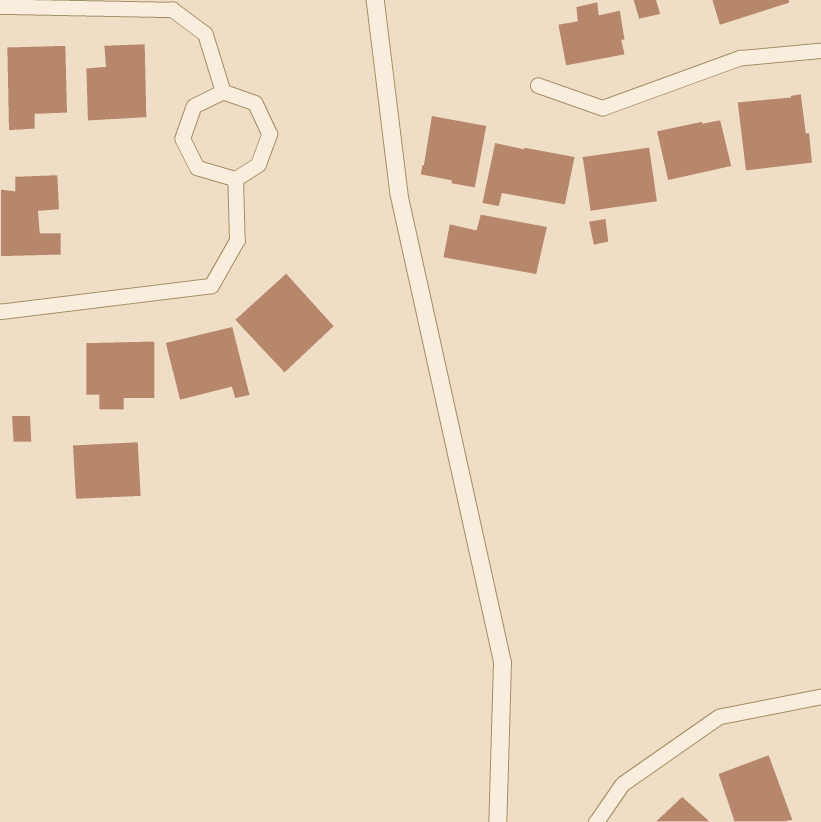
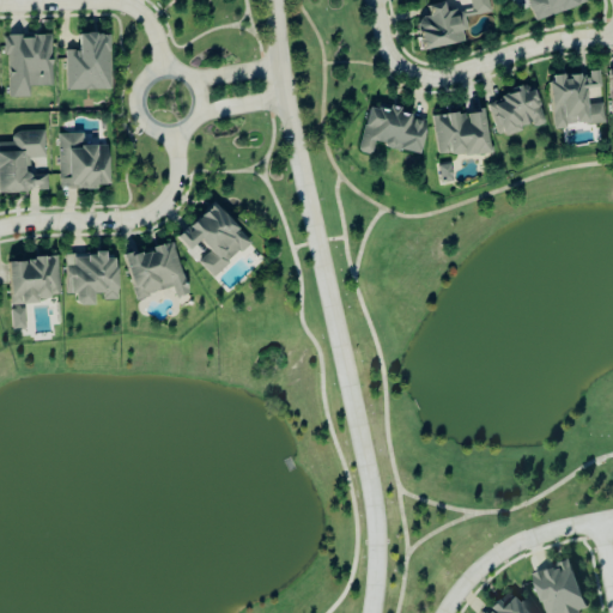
building: [420,115,487,188] -> none
building: none -> [60,132,110,188]
building: [442,214,548,275] -> none
building: [72,442,142,500] -> [10,257,61,301]

